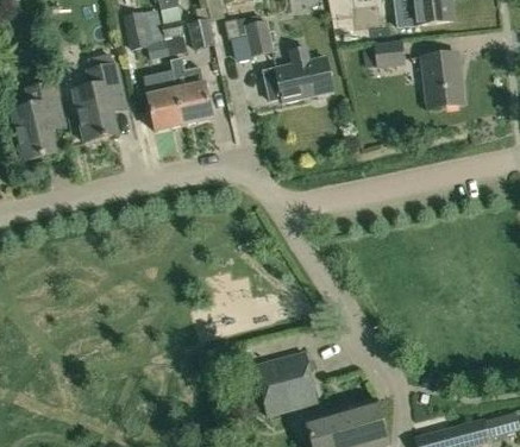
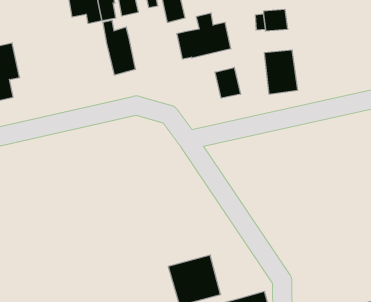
building: [421,52,464,108] -> [264,50,298,94]
building: [73,64,125,140] -> none
building: [148,89,183,130] -> none
building: none -> [215,67,241,98]

